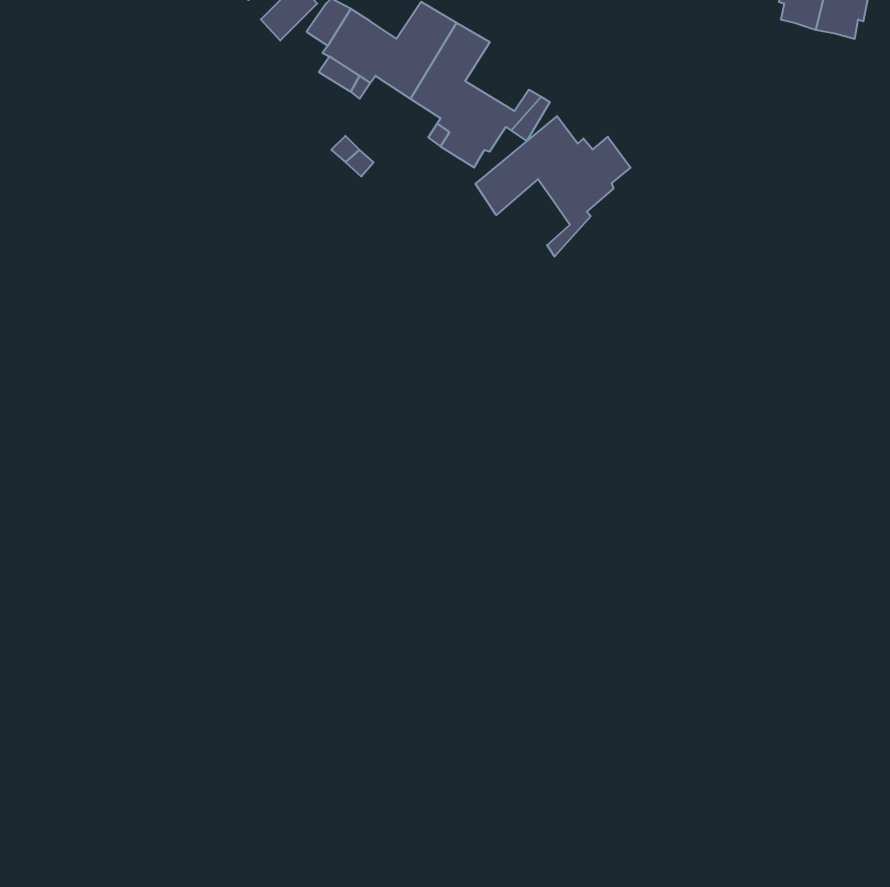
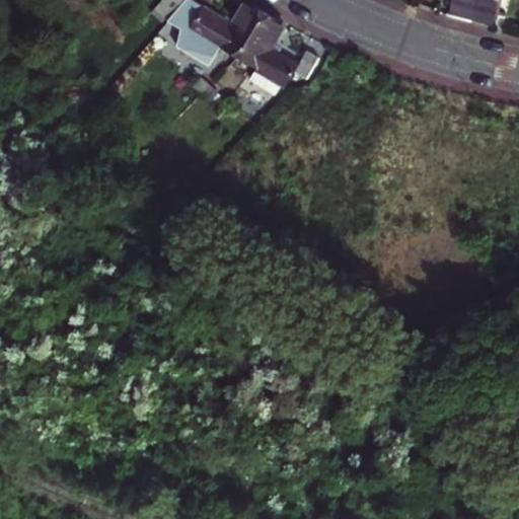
building: [475,116,631,257] -> none

